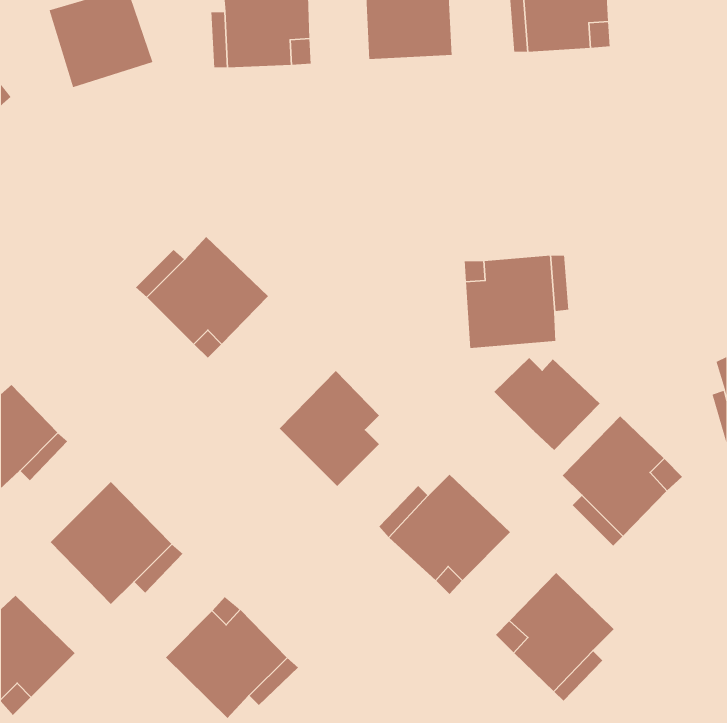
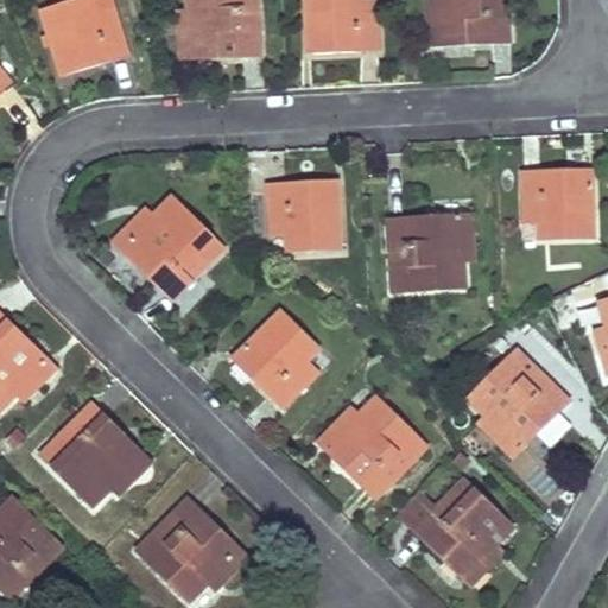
building: none -> [521,169,594,238]
building: none -> [267,179,340,249]
building: [493,357,601,451] -> none

